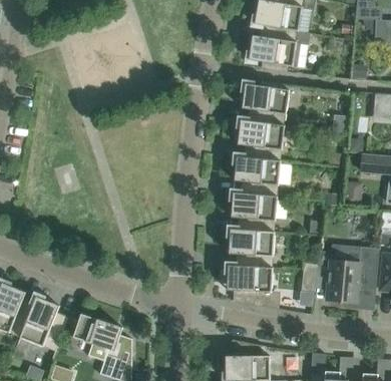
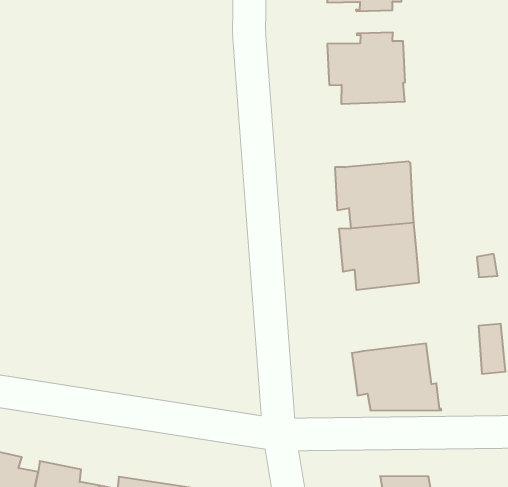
building: [237,120,283,160] -> none
building: [228,230,273,268] -> none

